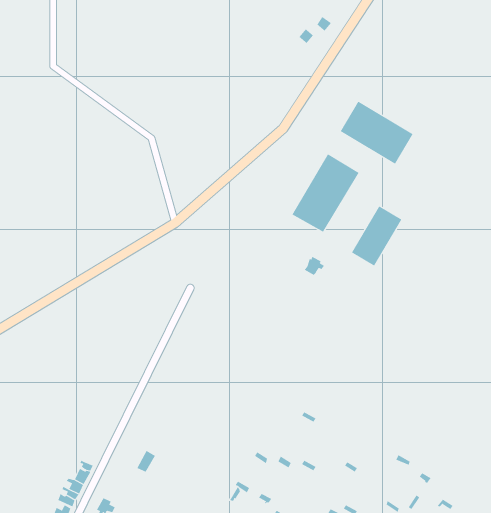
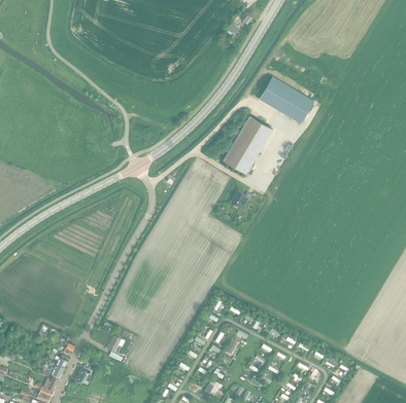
building: [351,205,402,267] -> none

